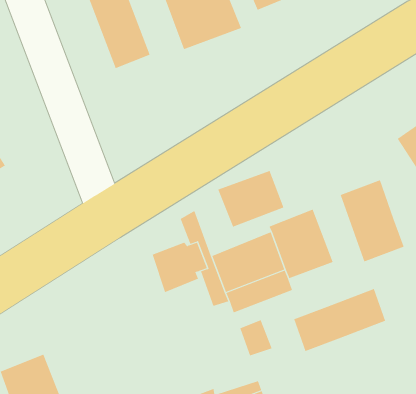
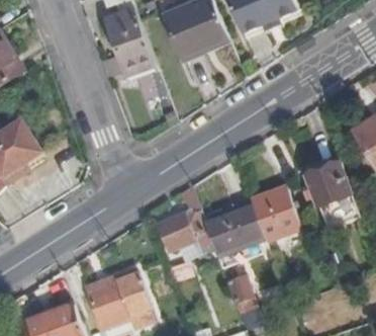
building: [217,170,284,228] -> none
building: [294,288,386,352] -> none
building: none -> [88,272,149,326]

